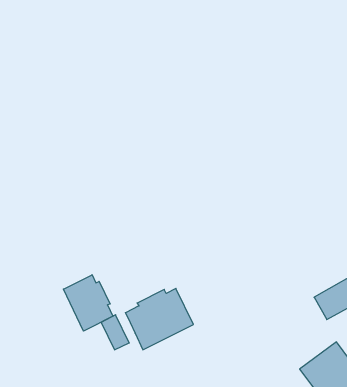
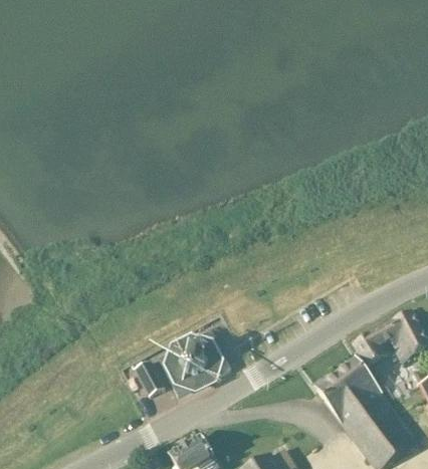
building: [63,275,113,331] -> none
building: none -> [315,357,376,416]

